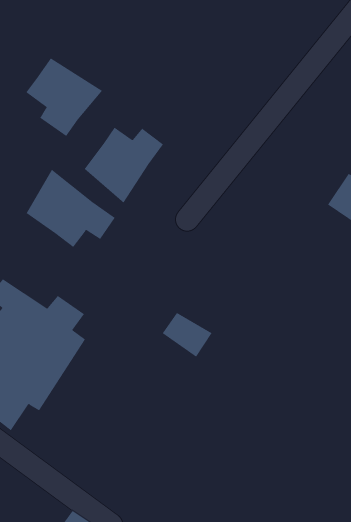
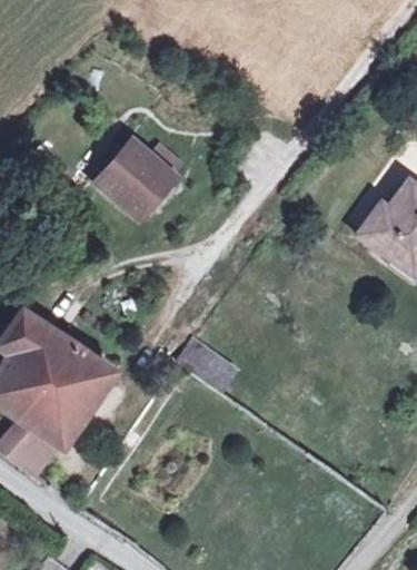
building: [25,57,103,137] -> none
building: [26,169,115,248] -> none

